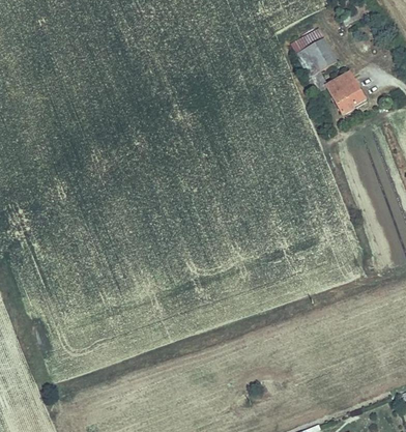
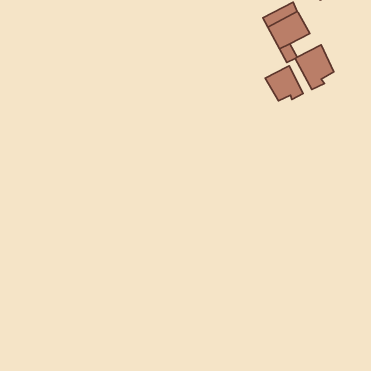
building: none -> [265,66,303,101]

